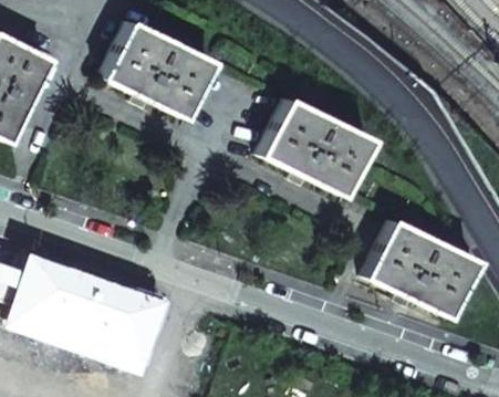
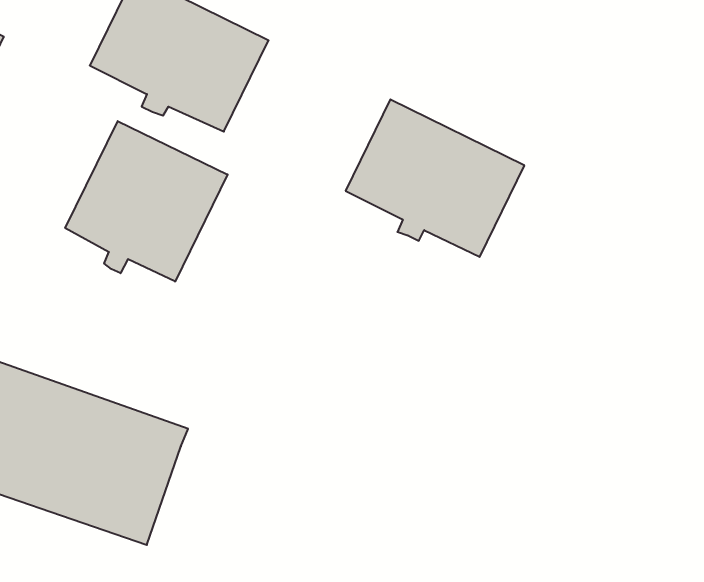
building: none -> [65,121,228,282]
building: [368,219,479,316] -> none

